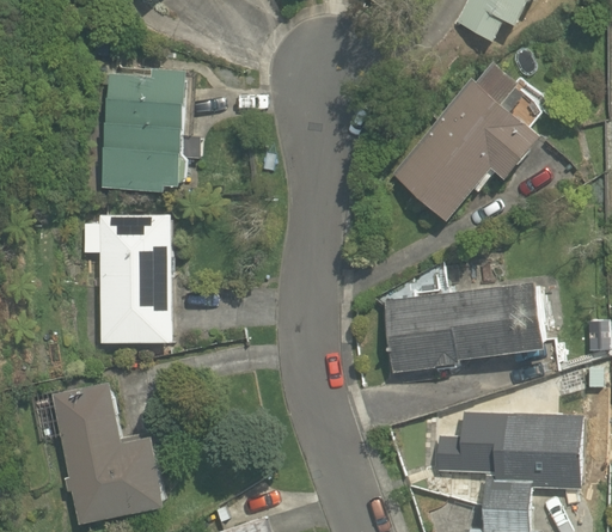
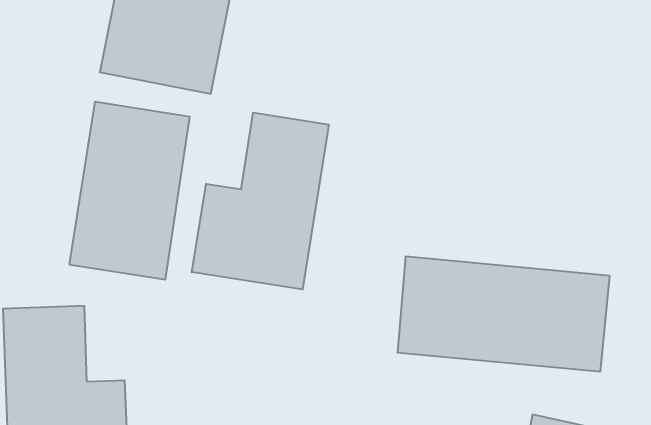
building: [386,71,544,227] -> none
building: none -> [192,113,329,290]

